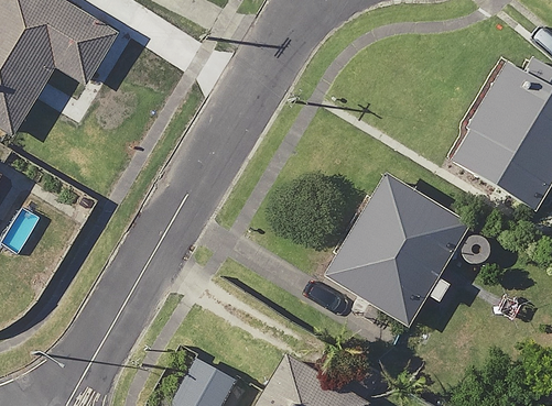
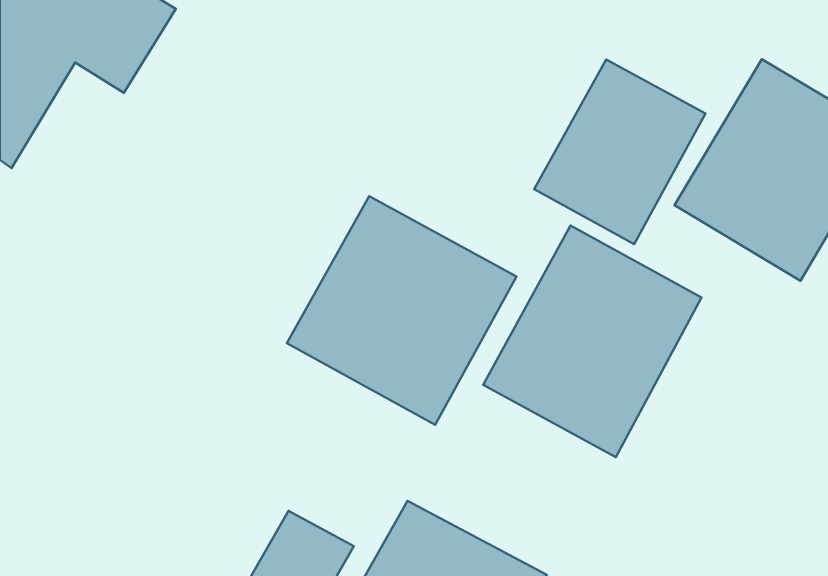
building: none -> [534,60,706,244]
building: none -> [287,196,516,425]

